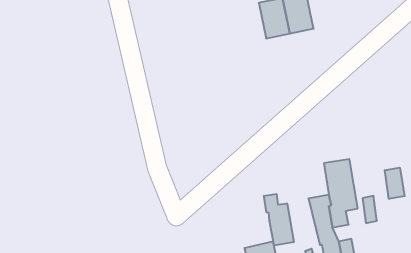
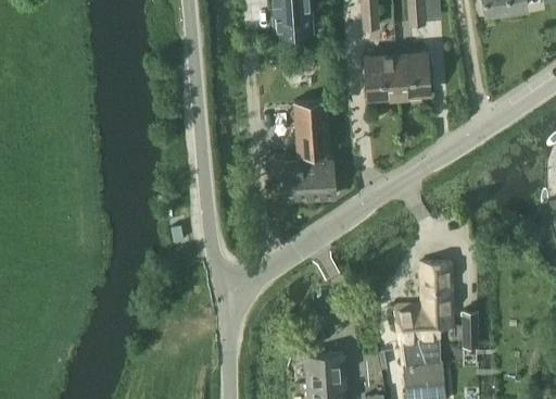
building: none -> [282,102,334,202]
building: [385,168,405,199] -> none
building: [264,194,294,246] -> none

